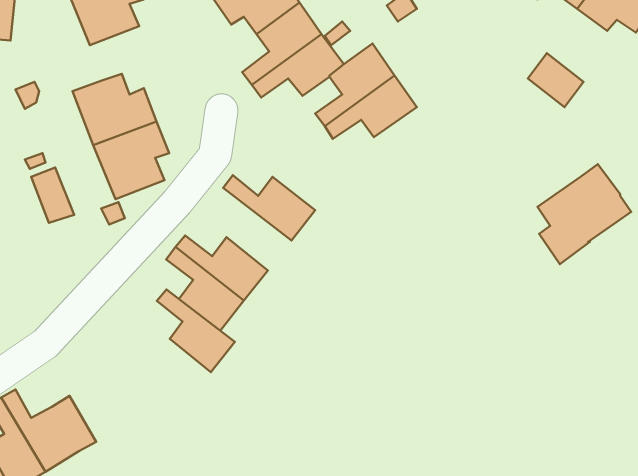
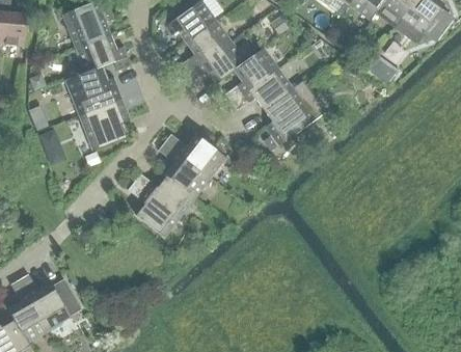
building: none -> [77,36,131,72]
building: [538,164,631,264] -> [263,81,324,146]
building: [157,290,235,372] -> [158,142,209,196]

